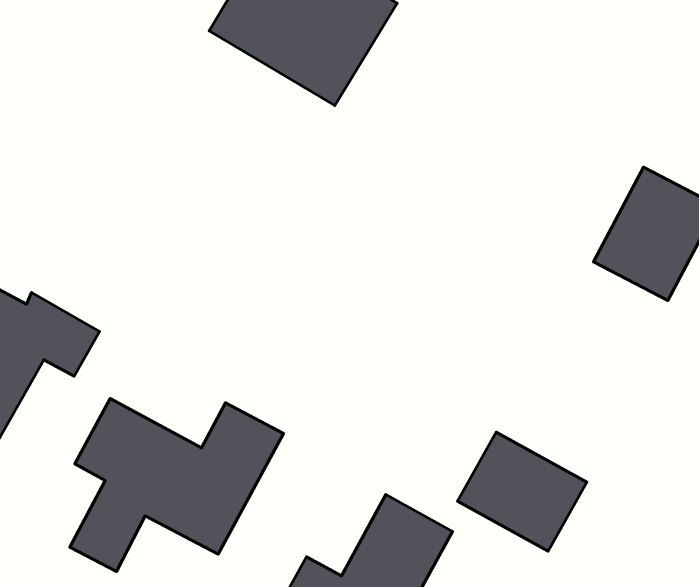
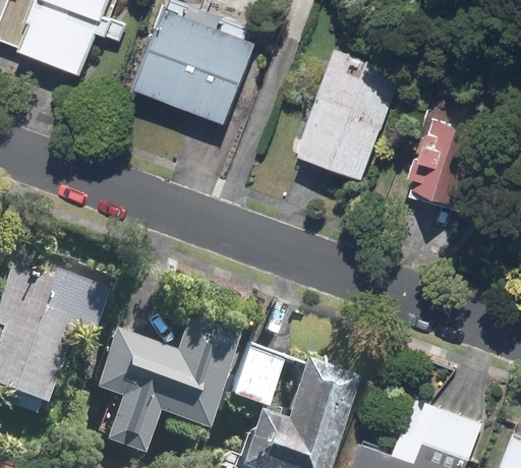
building: none -> [297,54,395,175]
building: [457,432,587,551] -> none
building: none -> [225,347,276,405]

